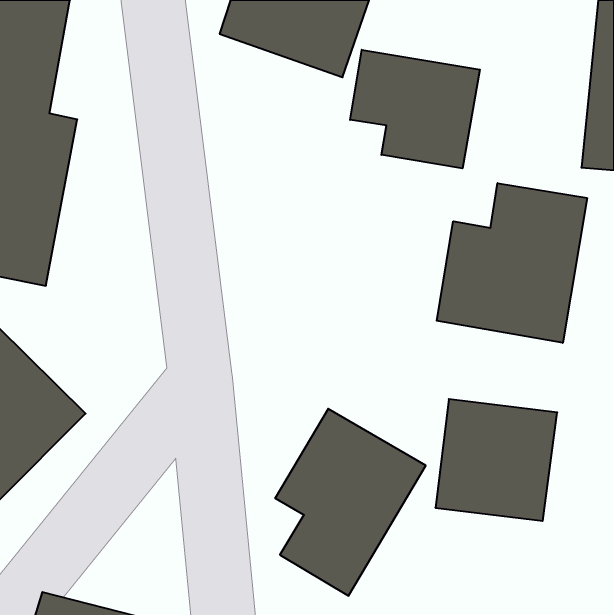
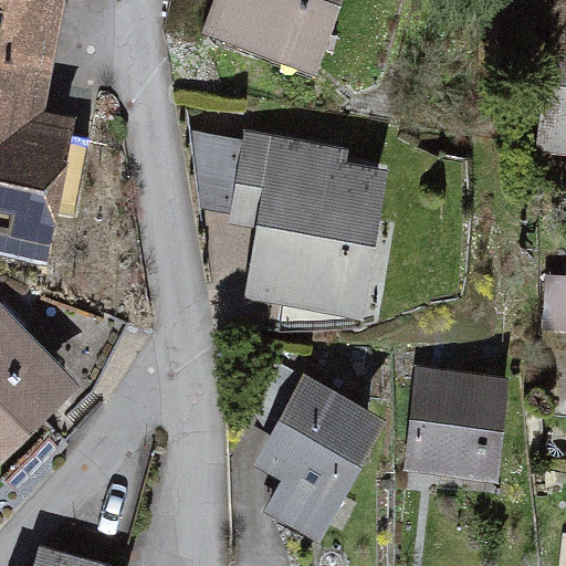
building: [350,50,480,168] -> none
building: none -> [226,130,388,318]
building: [437,183,587,343] -> none

